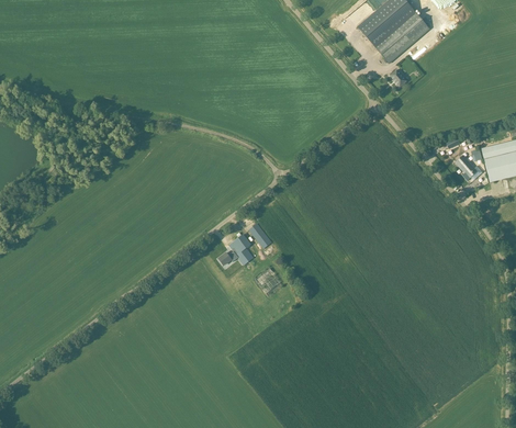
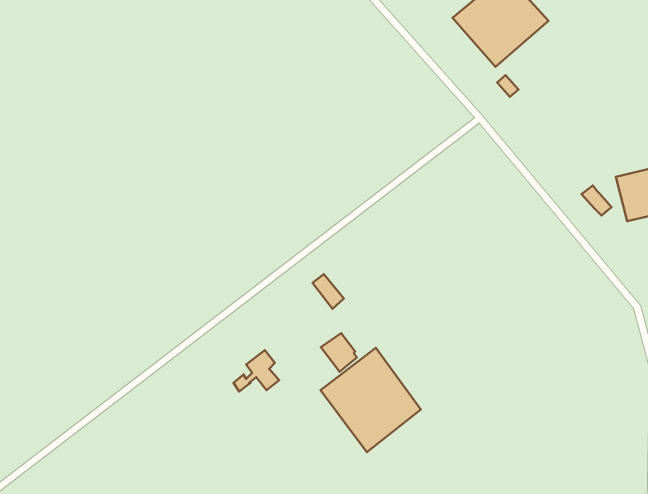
building: [218,233,254,264] -> [233,350,279,392]
building: none -> [320,348,421,452]

